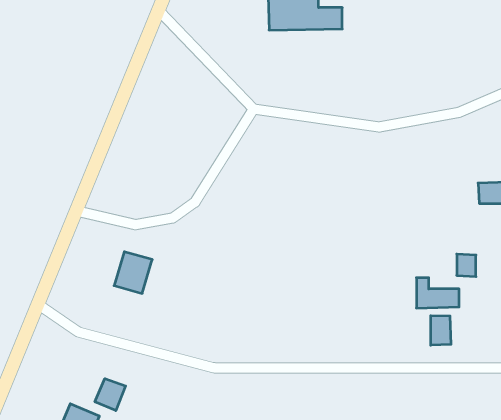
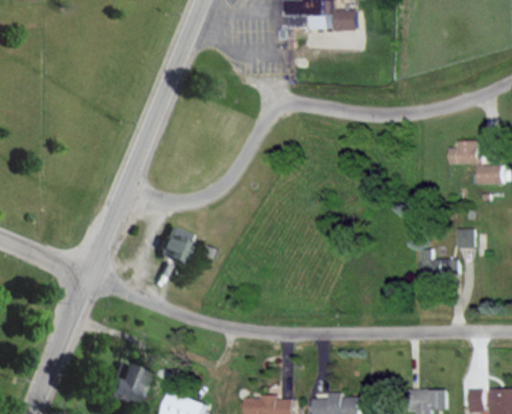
building: none -> [448,141,482,164]
building: [431,316,451,345] -> none
building: [95,379,126,411] -> none

